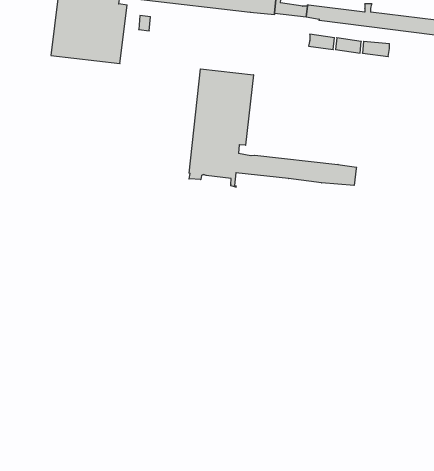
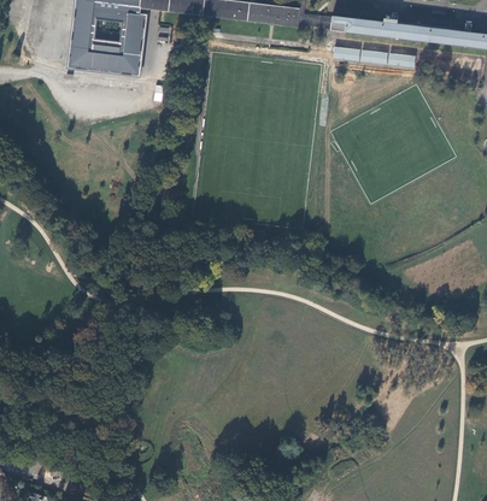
building: [189,69,357,187] -> none

